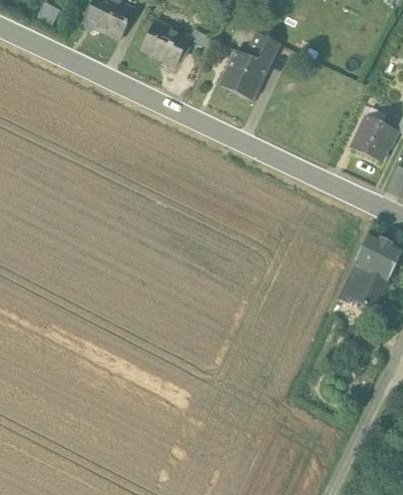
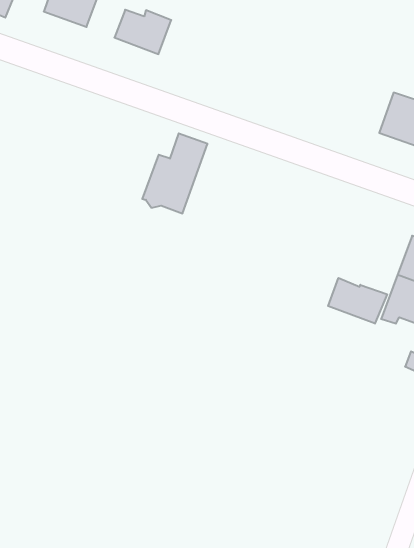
building: [219,33,277,99] -> [142,133,208,213]
building: none -> [328,278,387,324]

